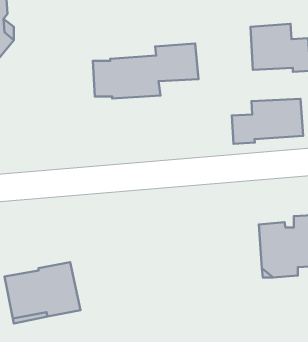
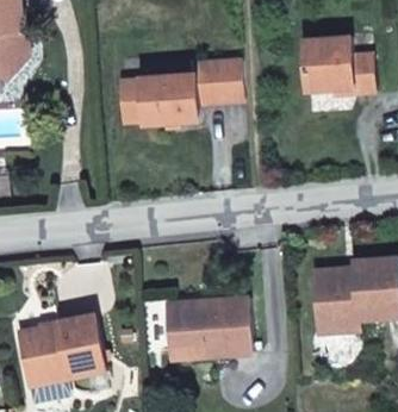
building: [232,99,303,144] -> none
building: none -> [166,296,251,358]

